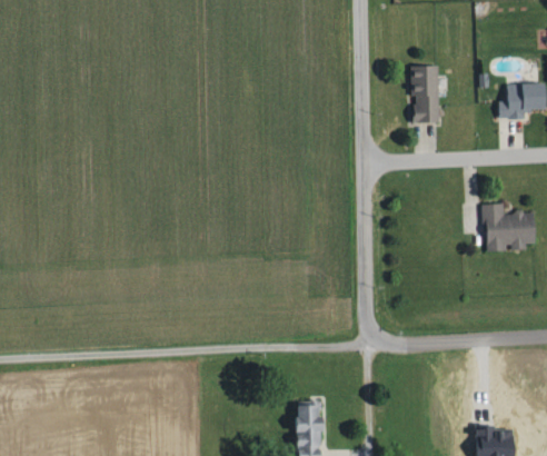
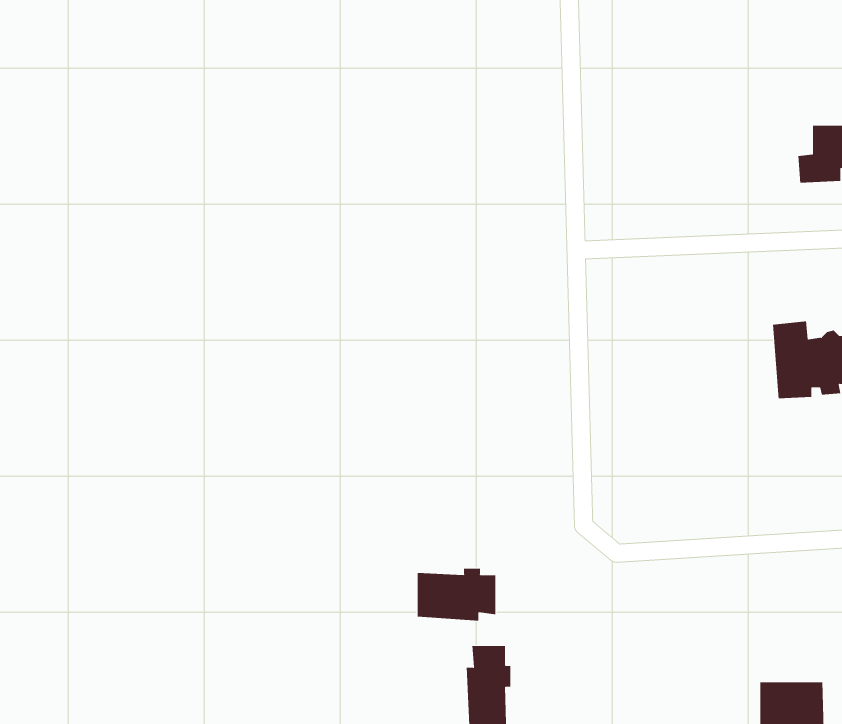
building: [410,65,438,121] -> none
building: none -> [417,568,496,622]

